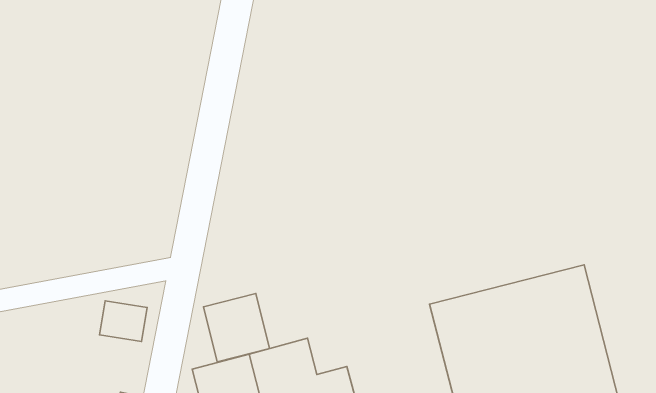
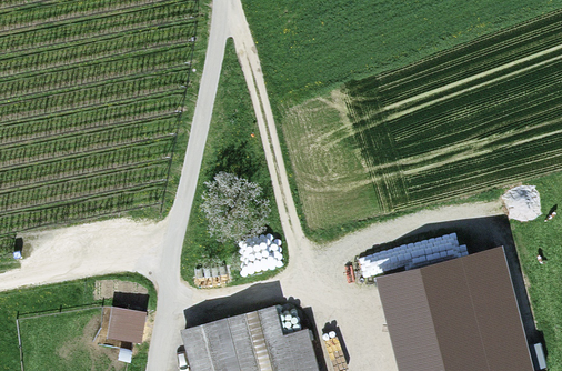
building: [203,293,270,362] -> none
building: [100,301,147,342] -> [107,311,145,344]

